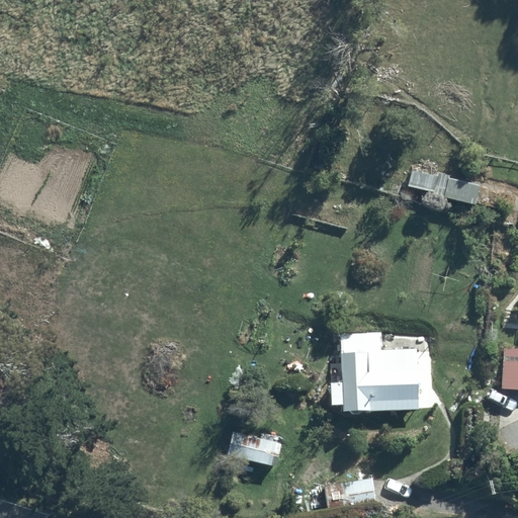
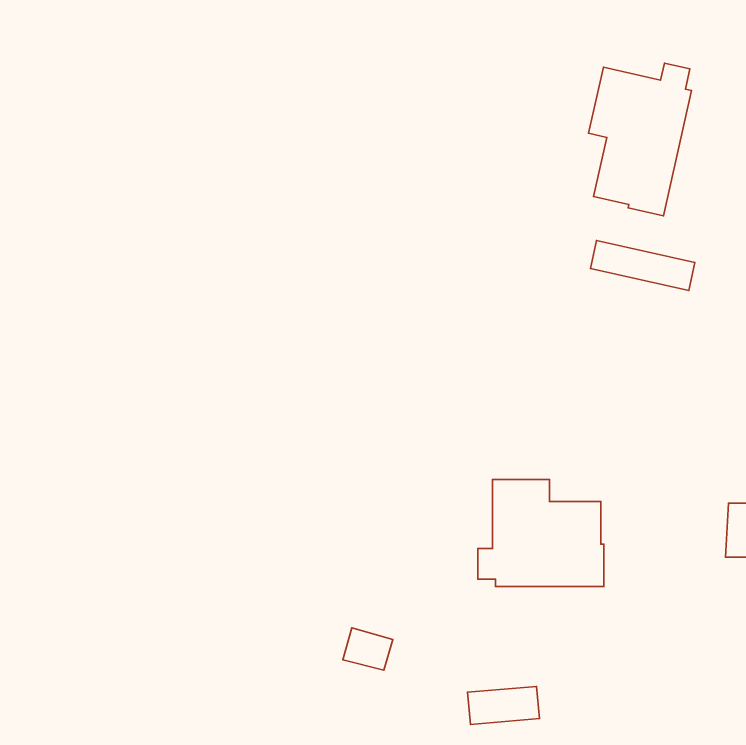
building: none -> [589,63,691,216]

